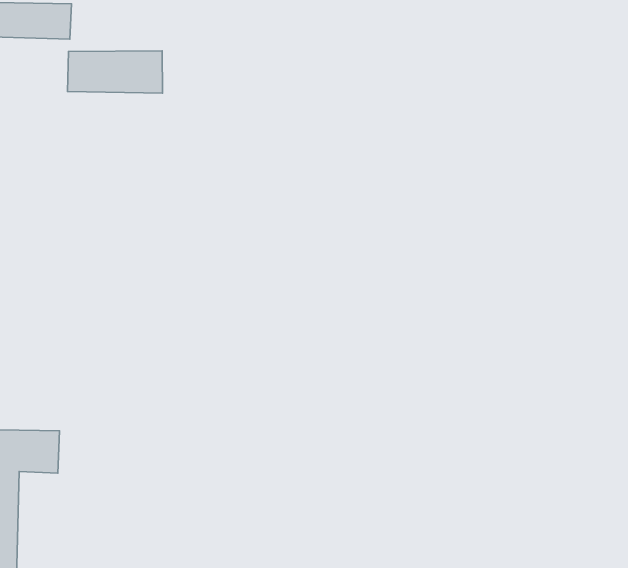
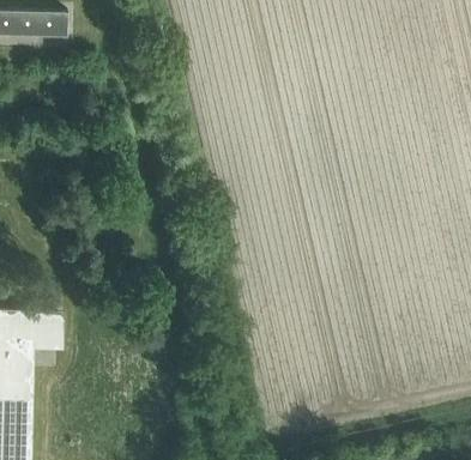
building: [67,51,163,93] -> none

